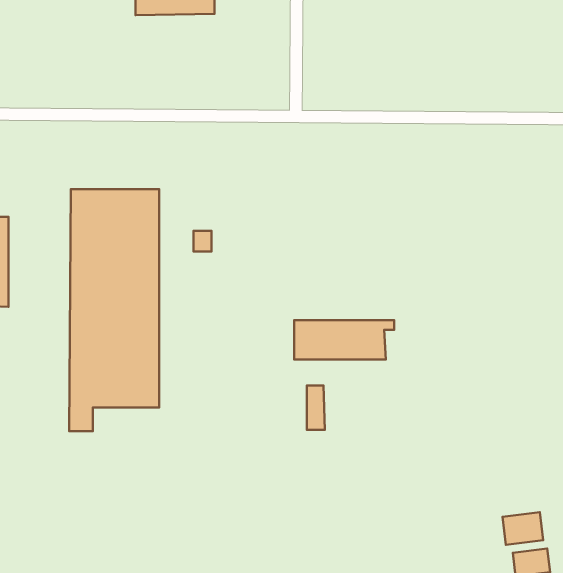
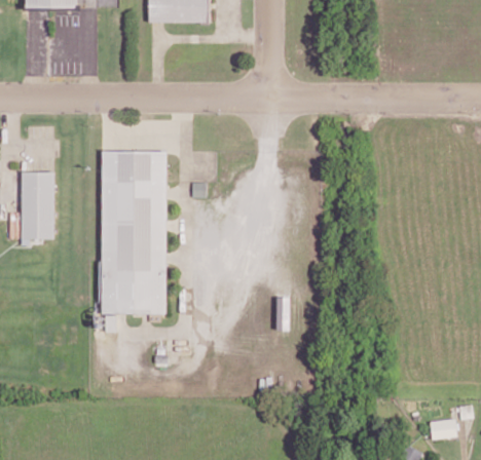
building: [294,320,394,360] -> none
building: [502,512,543,545] -> none

